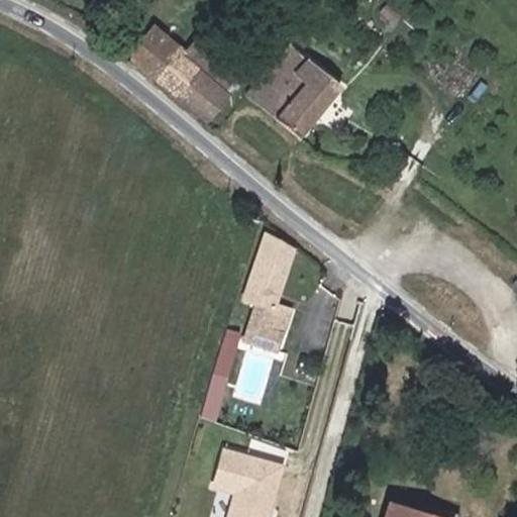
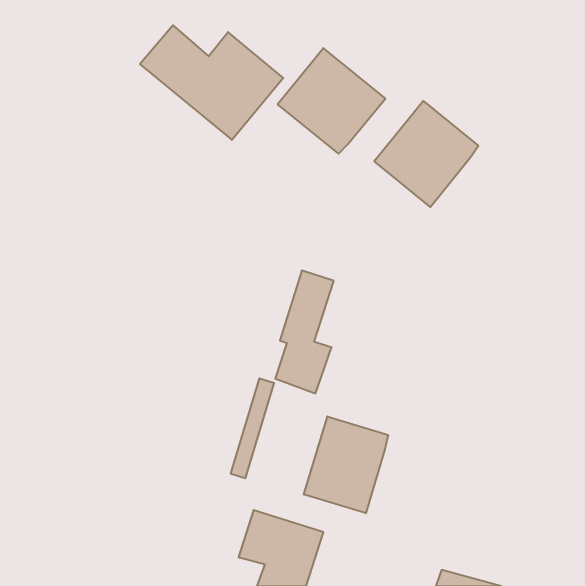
building: none -> [374,101,478,207]
building: none -> [304,416,388,513]

